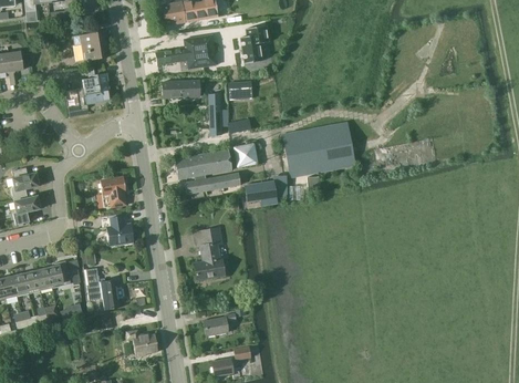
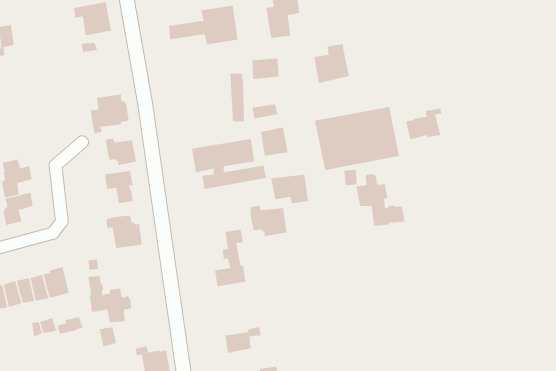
building: none -> [314,43,349,84]
building: [76,75,111,110] -> [90,94,129,134]
building: [160,80,199,97] -> none
building: none -> [406,108,442,140]
building: none -> [106,138,136,166]
building: none -> [356,174,405,227]
building: none -> [250,205,287,237]

